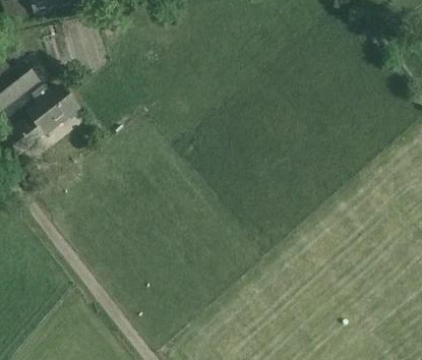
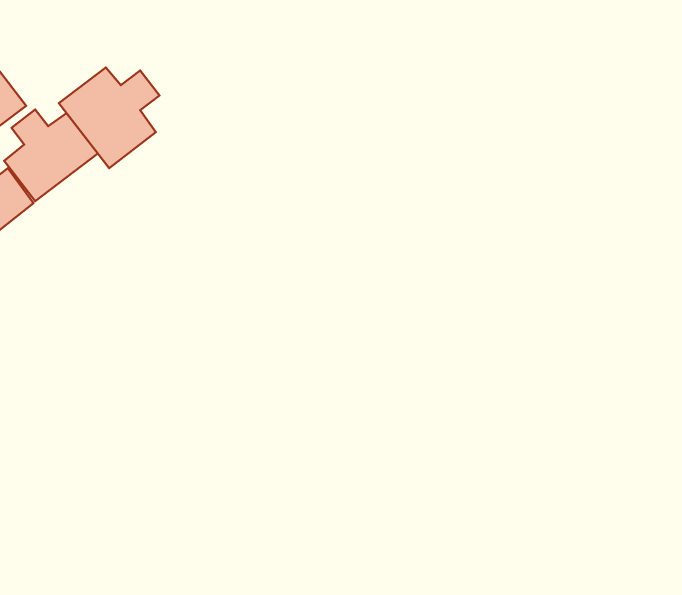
building: none -> [59,67,159,168]

